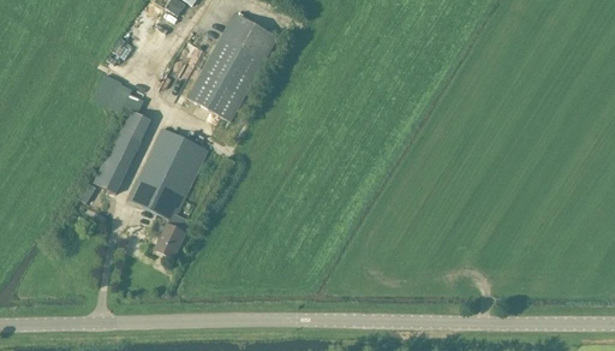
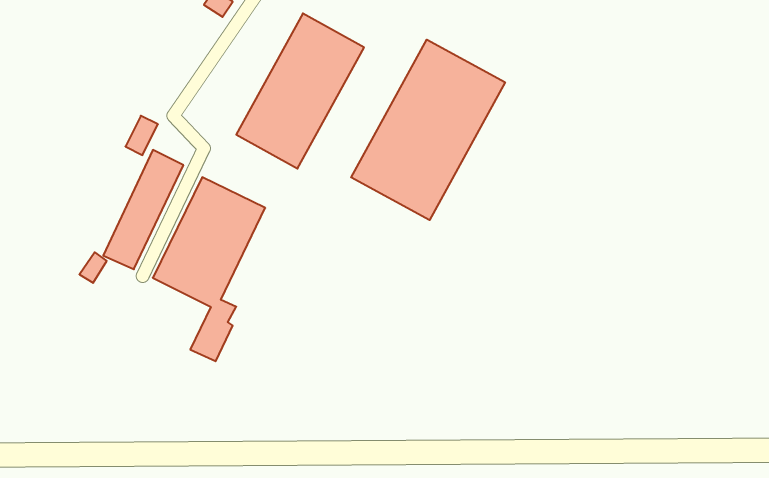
building: none -> [351,40,505,220]

